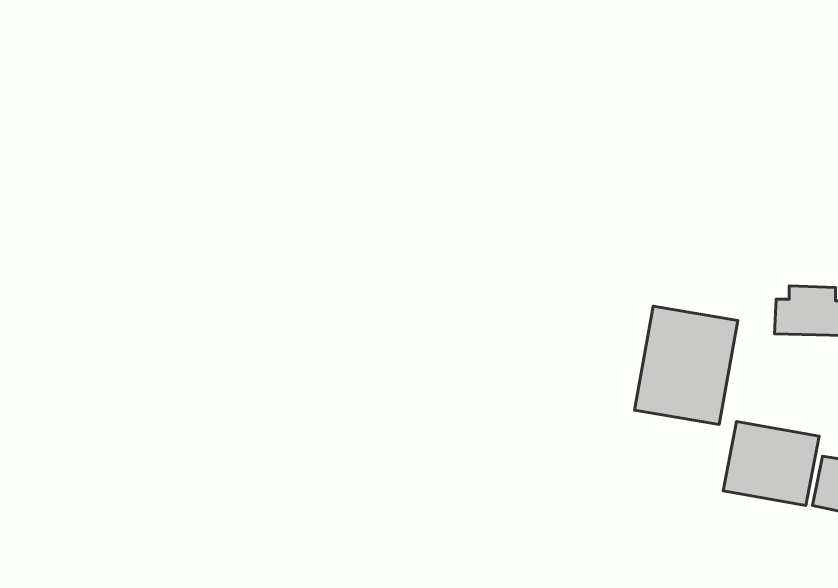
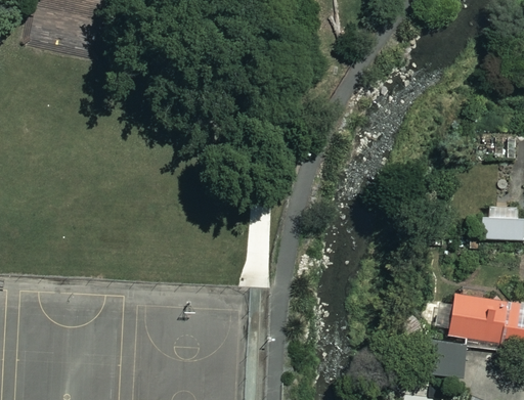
building: [634,306,738,424] -> none

